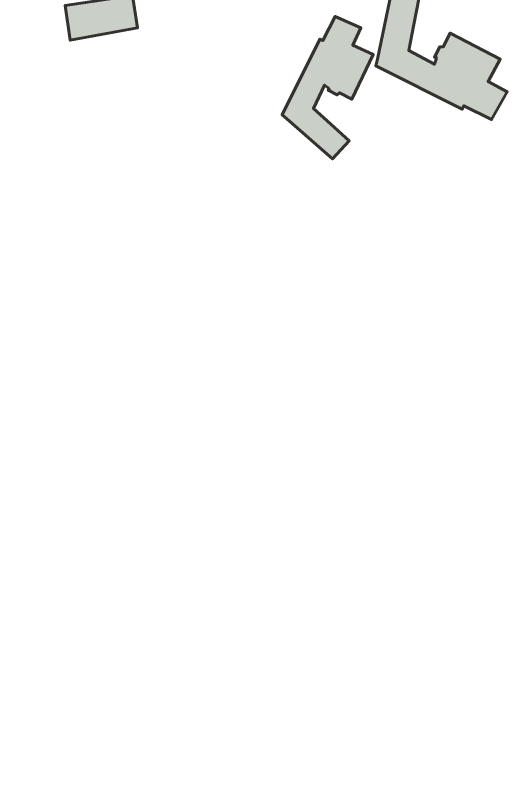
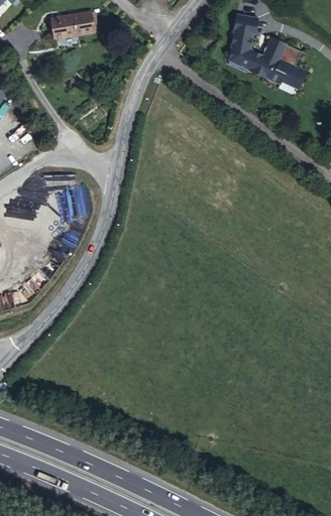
building: [282,16,373,159] -> none

